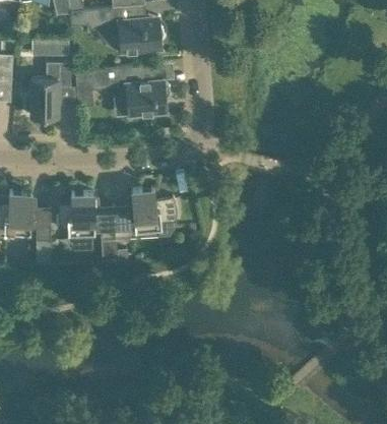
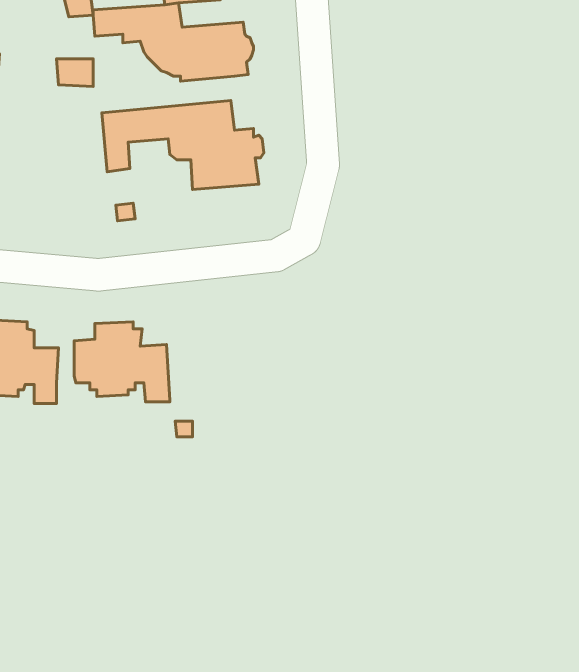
building: [31,64,71,118] -> none
building: [114,190,178,240] -> none

